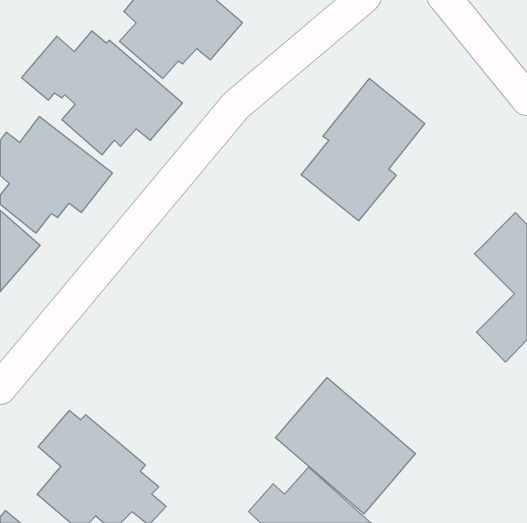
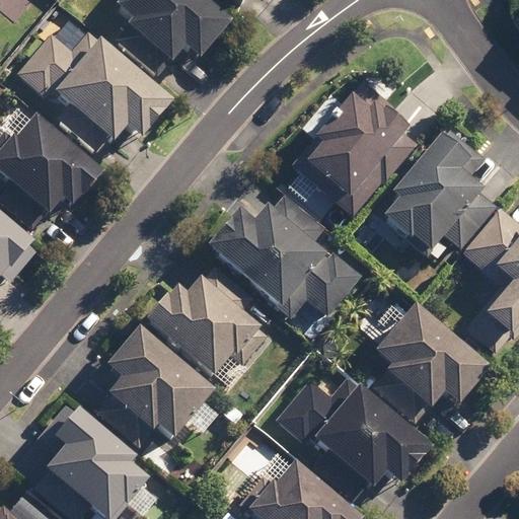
building: none -> [371,147,490,268]
building: none -> [204,191,362,318]
building: none -> [153,266,268,378]
building: none -> [349,314,463,428]
building: none -> [88,347,198,455]

